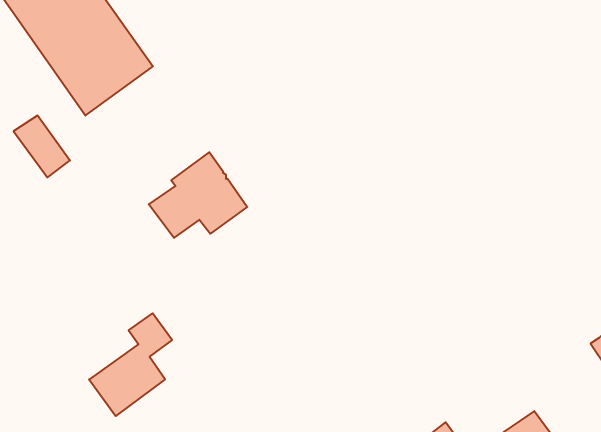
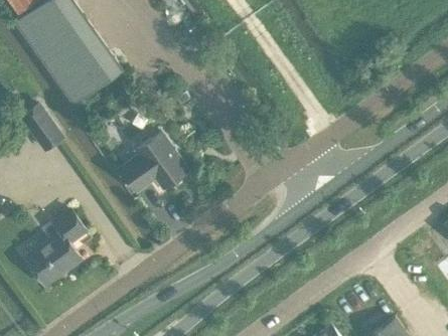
building: [89,313,172,416] -> [26,211,86,285]

